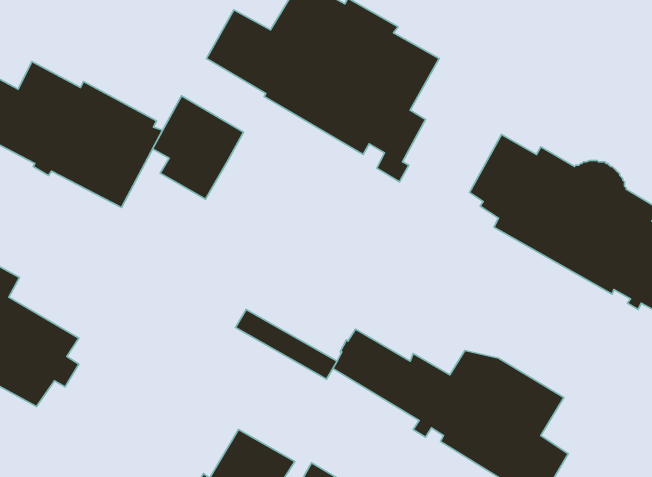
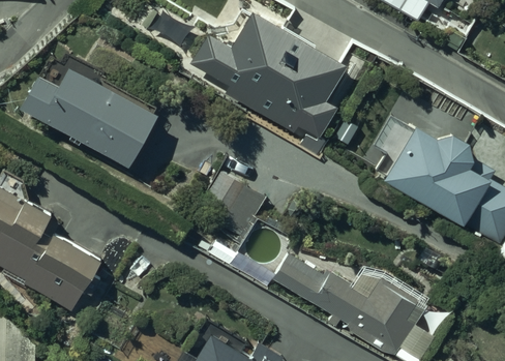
building: [152,96,244,199] -> [203,172,265,242]

